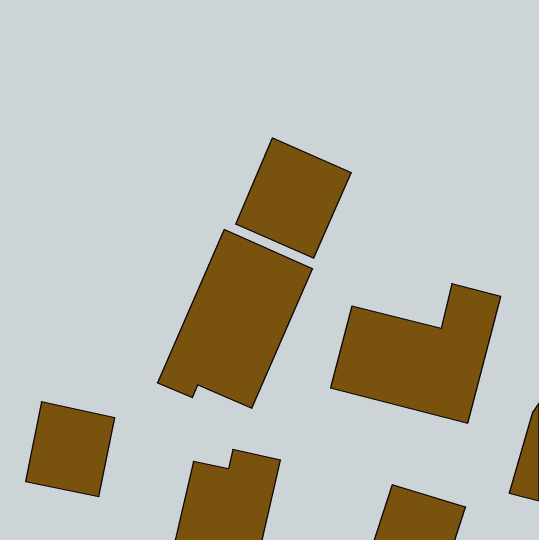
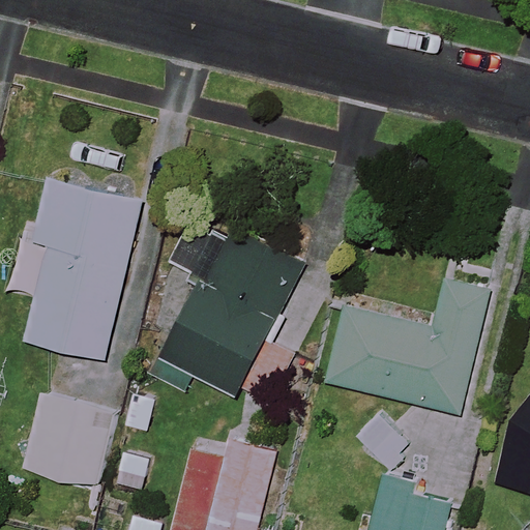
building: [236,138,351,258] -> none
building: none -> [23,179,143,359]

